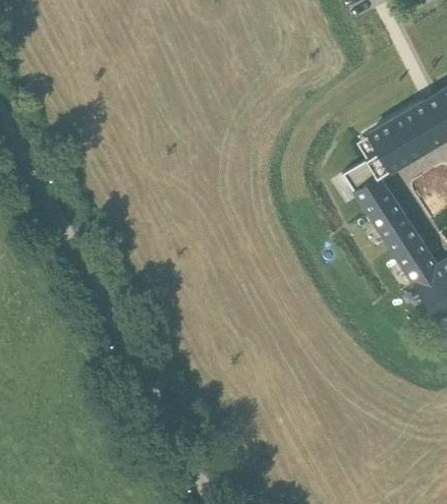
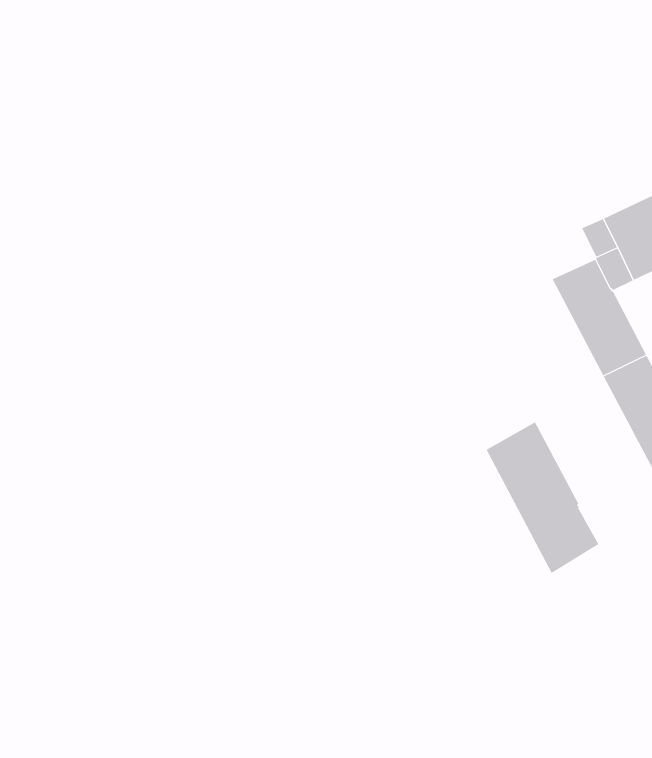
building: none -> [486,422,599,574]

